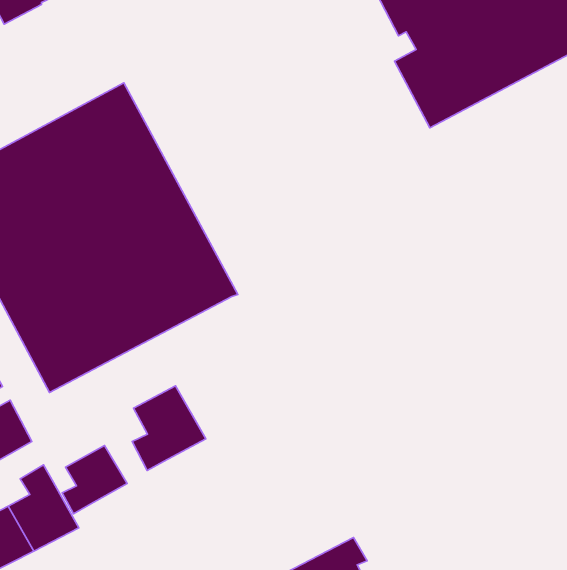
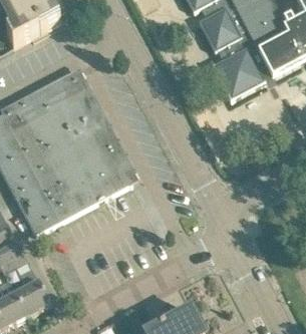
building: [132,386,206,470] -> none
building: [62,446,127,514] -> none

